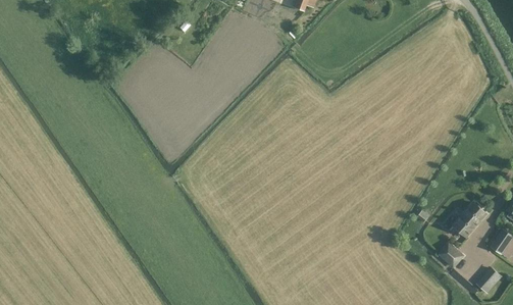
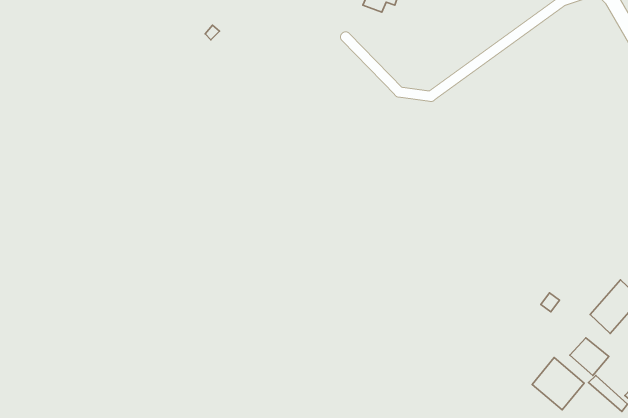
building: none -> [532,358,584,410]

